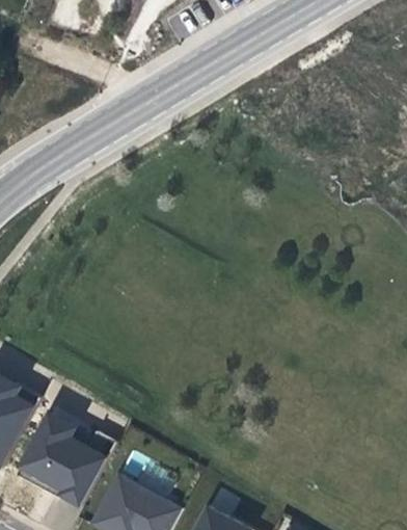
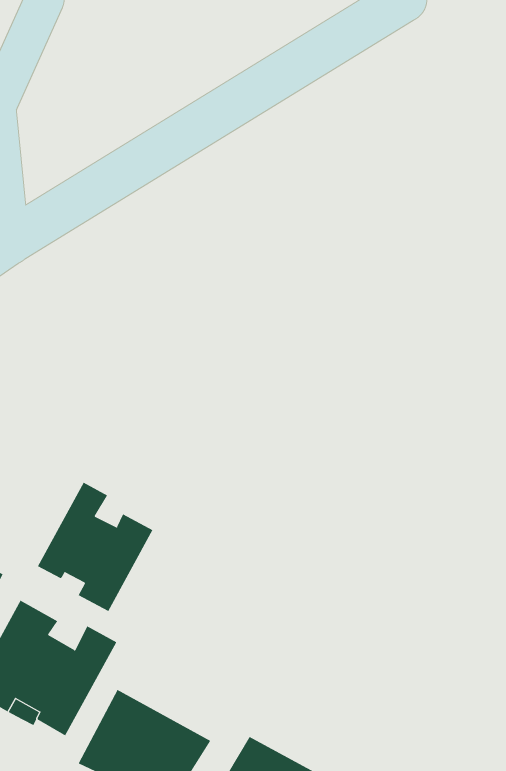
building: none -> [37,482,153,612]

